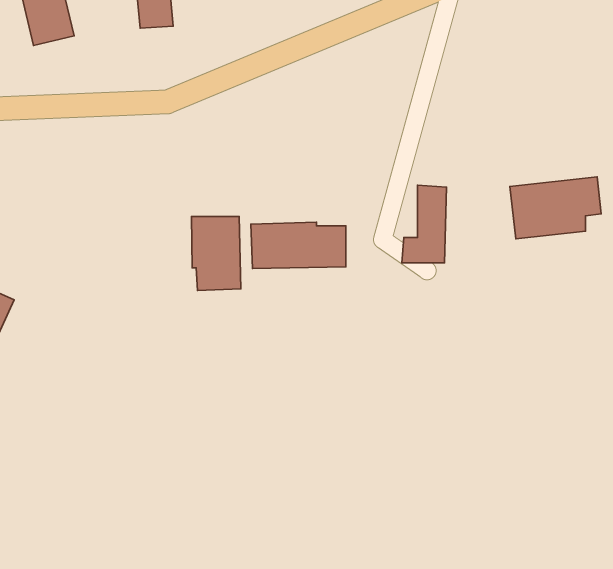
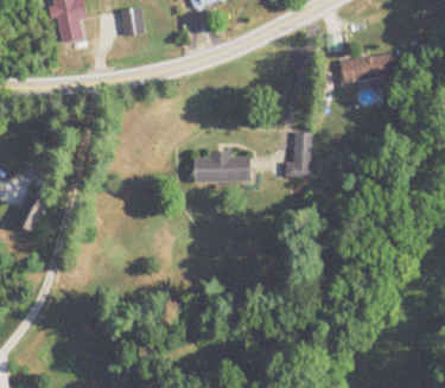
building: [510,177,601,239] -> [339,53,395,91]
building: [192,216,241,290] -> none

